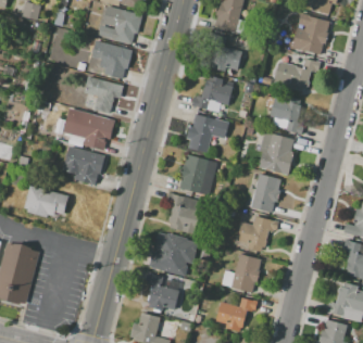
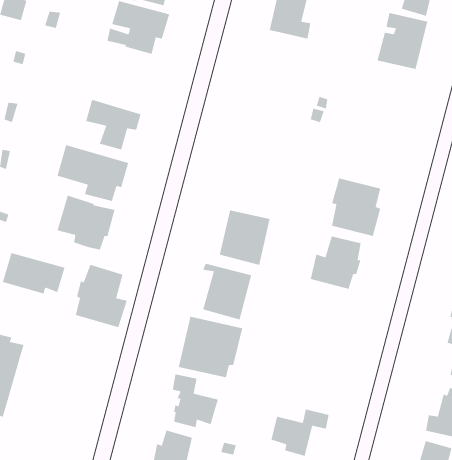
building: [205,35,241,72] -> none
building: [96,42,135,77] -> none
building: [274,59,320,92] -> none
building: [191,75,231,111] -> none
building: [270,93,309,135] -> none
building: [188,113,230,153] -> none
building: none -> [75,264,128,328]
building: [237,216,278,251] -> none
building: [222,254,262,292] -> none

